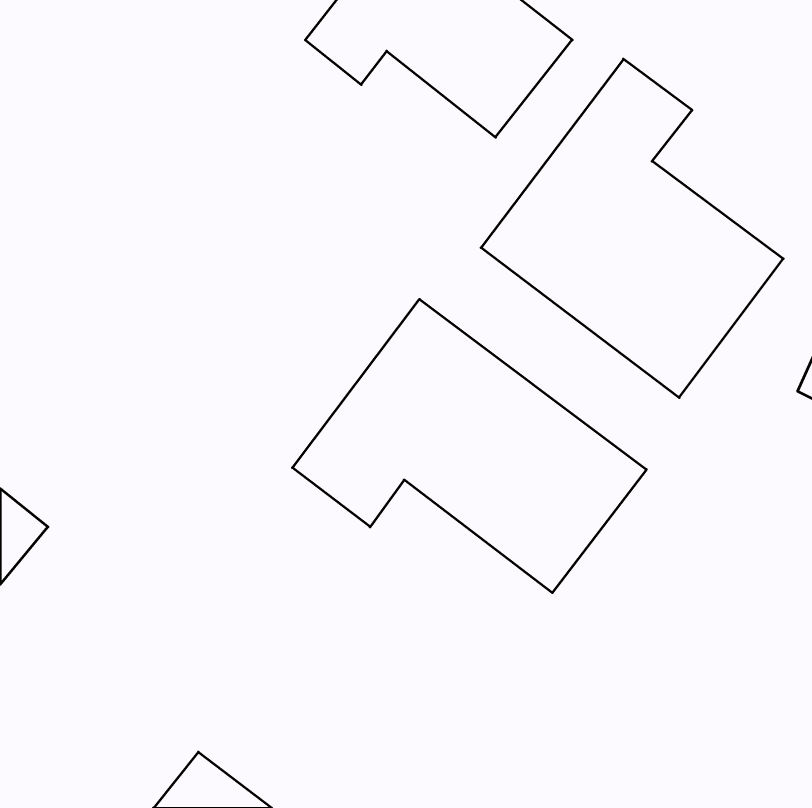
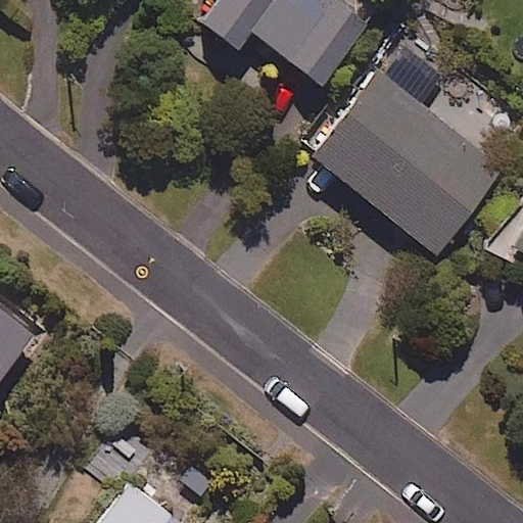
building: [292,299,646,593] -> none

